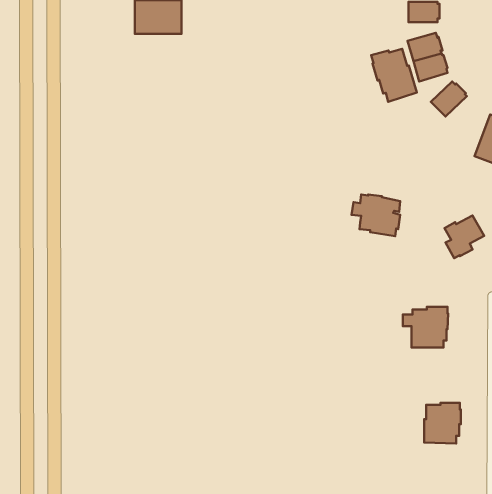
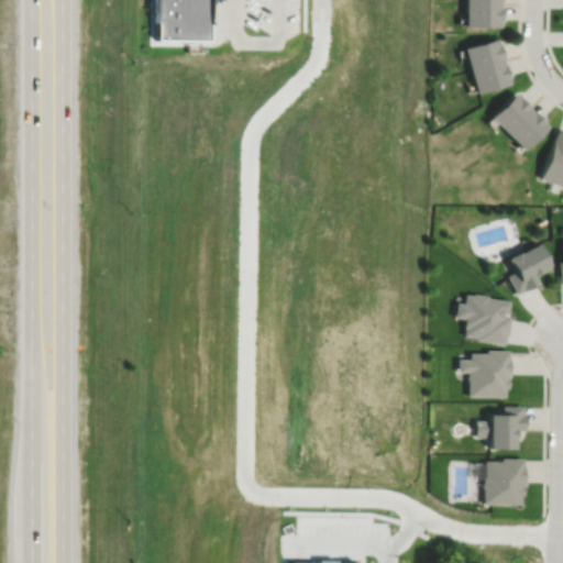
building: [371,49,417,102] -> none
building: none -> [509,111,550,152]
building: [352,194,400,236] -> [456,296,511,343]
building: none -> [477,406,527,449]

